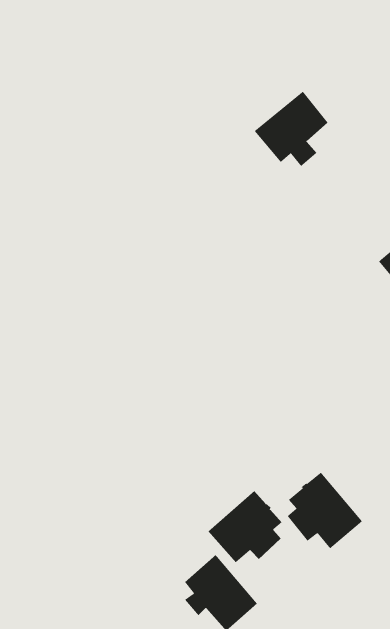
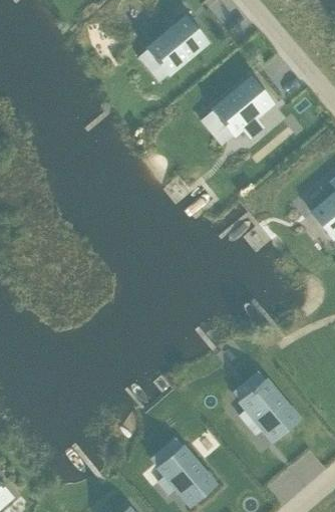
building: none -> [144,12,204,69]
building: [208,490,282,563] -> none

